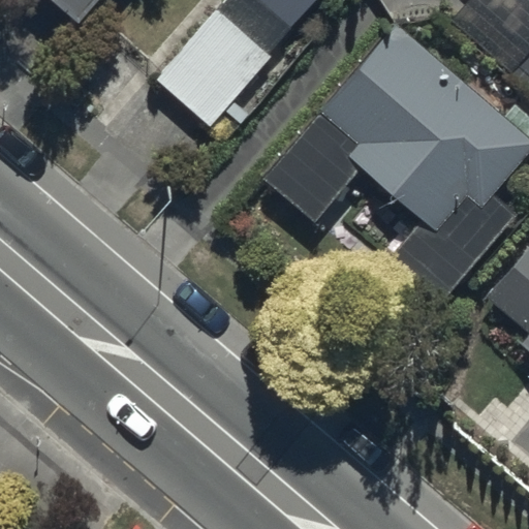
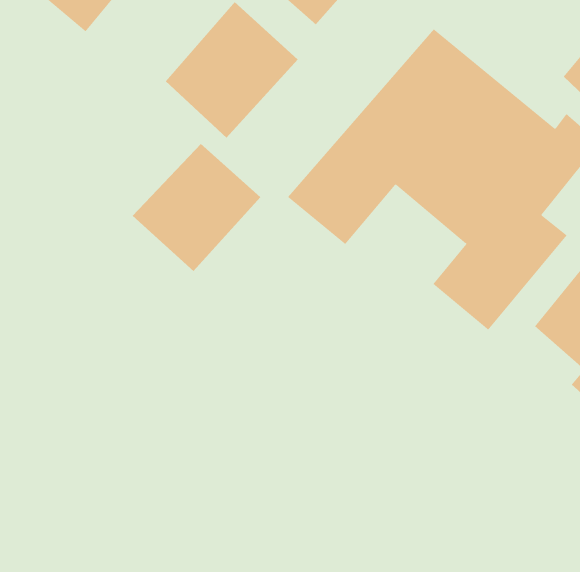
building: none -> [132,143,261,272]

